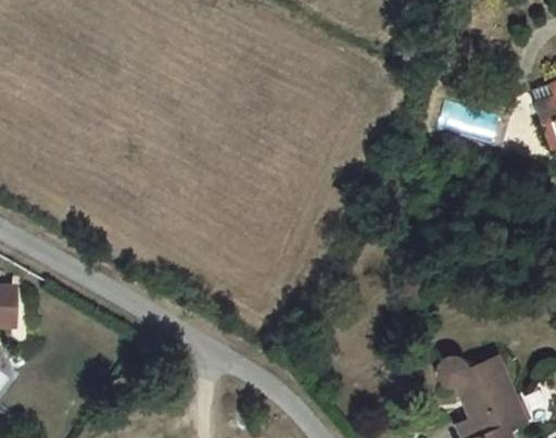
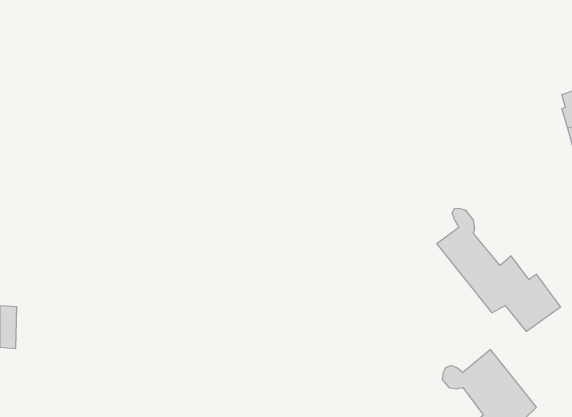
building: none -> [437,208,561,331]

